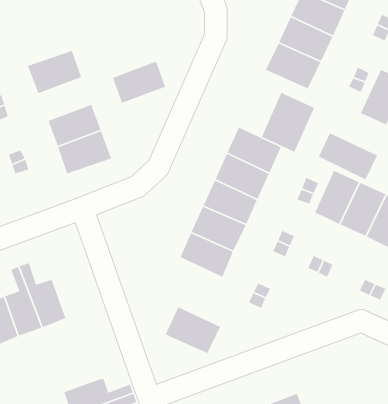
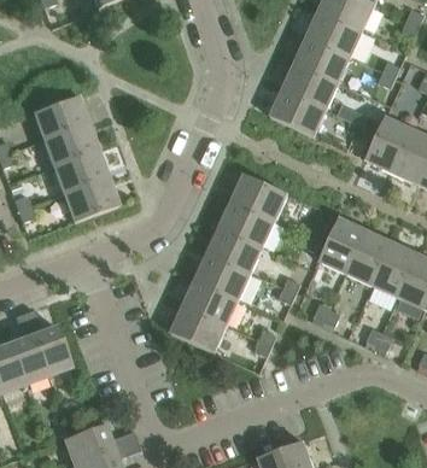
building: [112,61,166,104] -> [42,123,96,166]
building: [261,92,315,153] -> none
building: [318,132,378,180] -> none
building: [165,306,221,354] -> [171,304,228,352]

